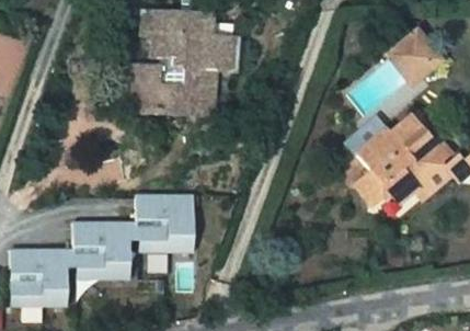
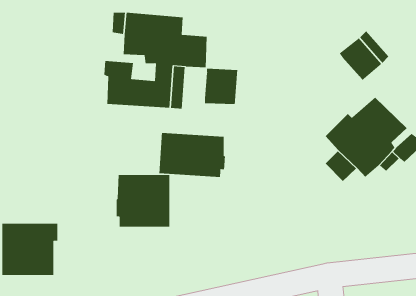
building: none -> [204,68,238,105]
building: none -> [159,132,225,178]
building: [74,218,137,275] -> none

